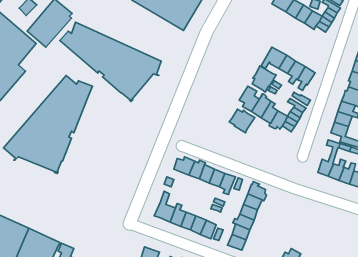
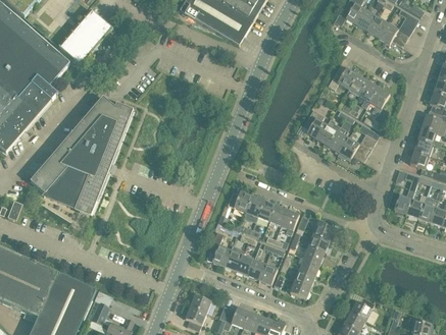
building: [60,22,161,102] -> none
building: [252,66,276,92] -> none
building: [229,109,255,133] -> none

